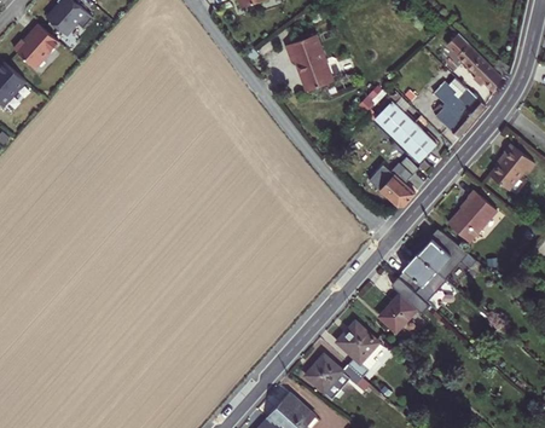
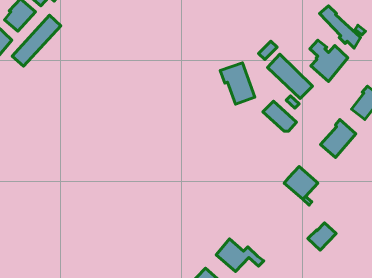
building: [285,34,332,91] -> [220,63,255,104]
building: none -> [12,15,61,66]
building: [418,230,469,274] -> none
building: [378,294,417,331] -> [308,223,336,250]
building: [336,322,383,377] -> none

